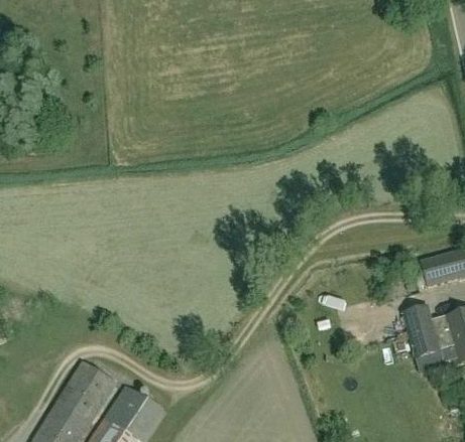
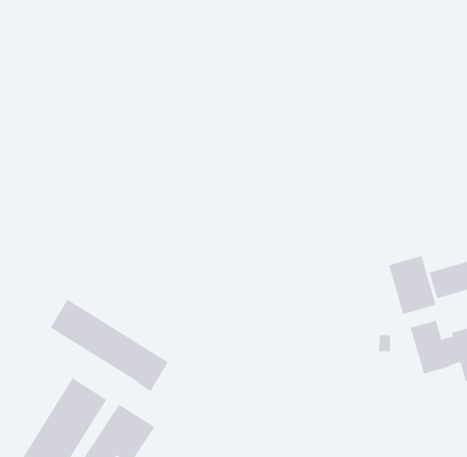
building: none -> [388,255,436,315]
building: none -> [50,299,169,392]

